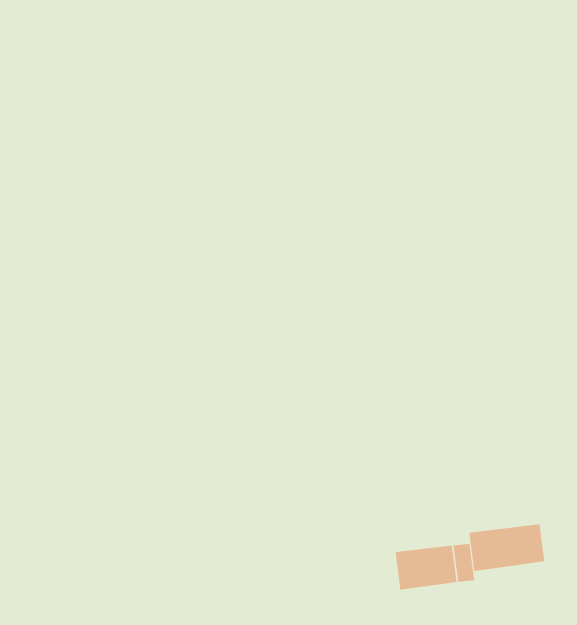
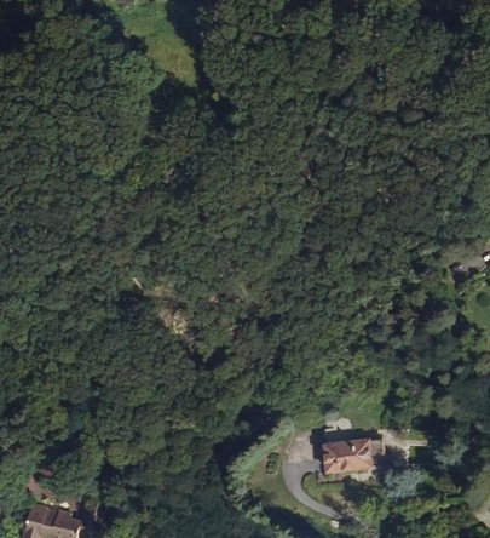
building: [469,524,545,572] -> none

